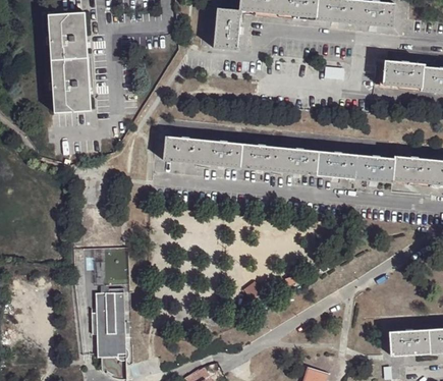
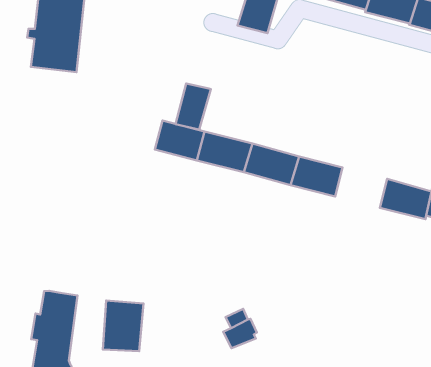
building: none -> [176,83,211,130]
building: [317,150,356,177] -> none
building: none -> [103,301,144,351]

